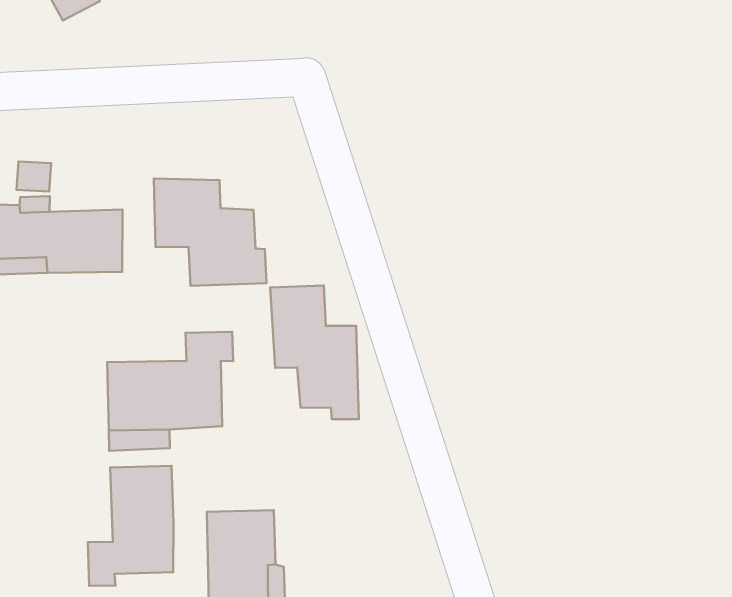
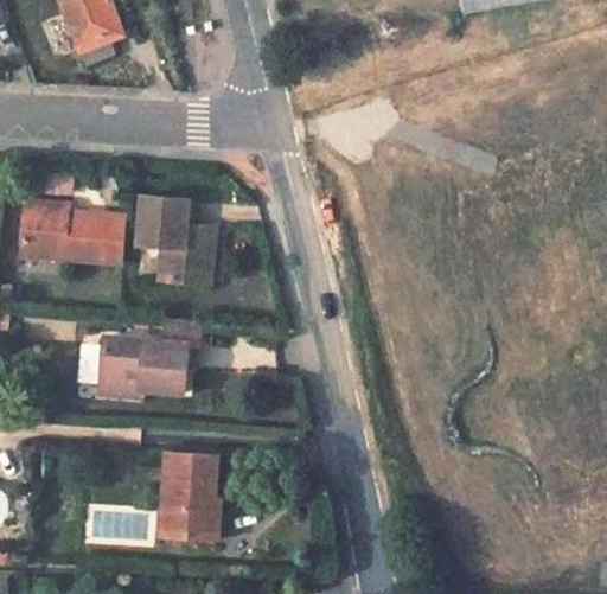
building: [270,286,359,419] -> none
building: [88,466,174,586] -> none

